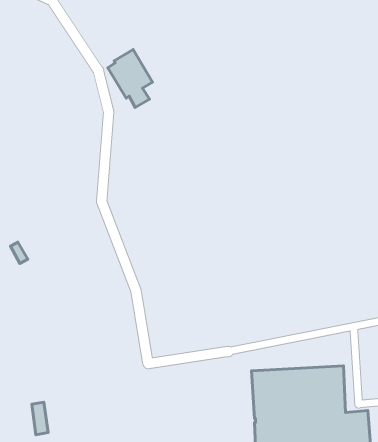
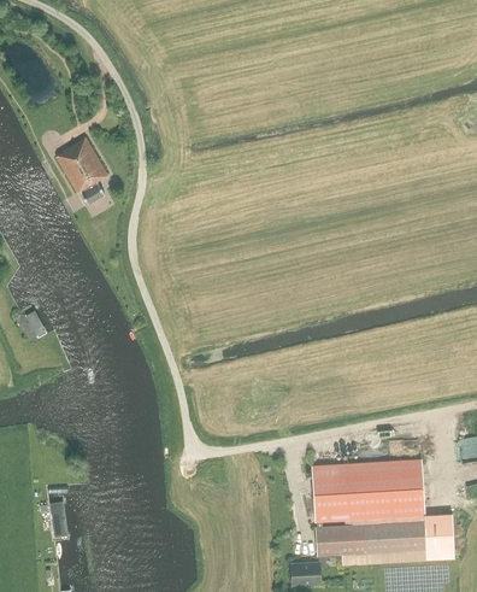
building: [108,50,152,107] -> [55,135,108,204]

